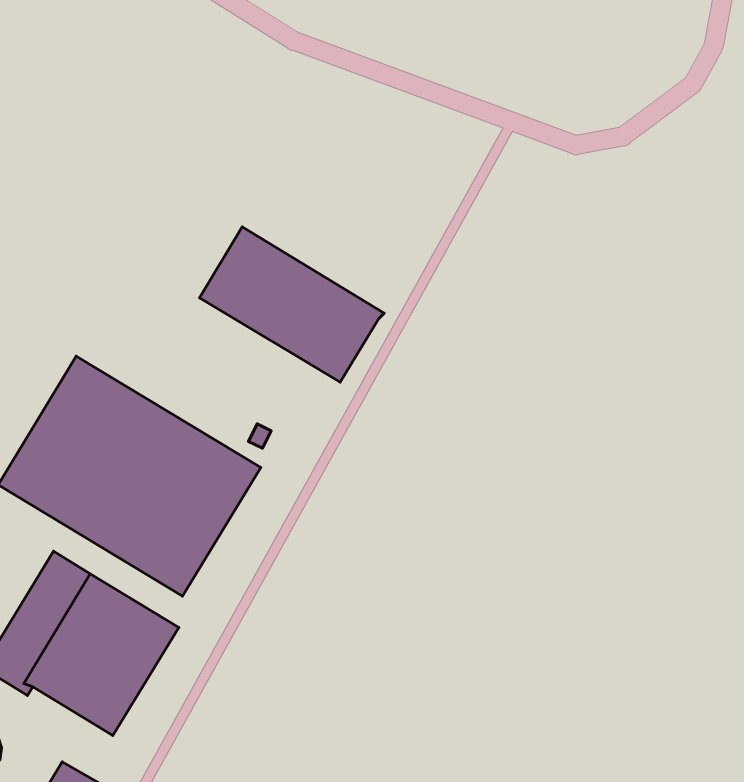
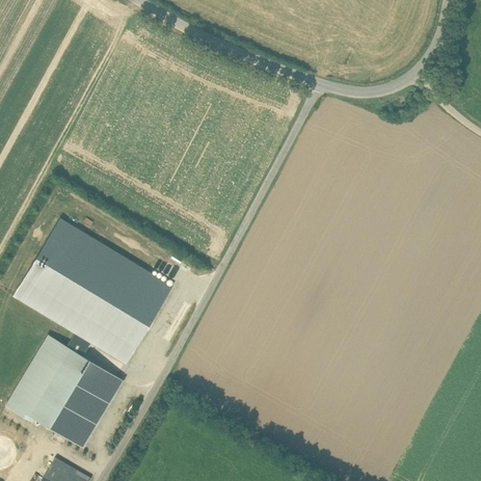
building: [200,227,384,382] -> none

